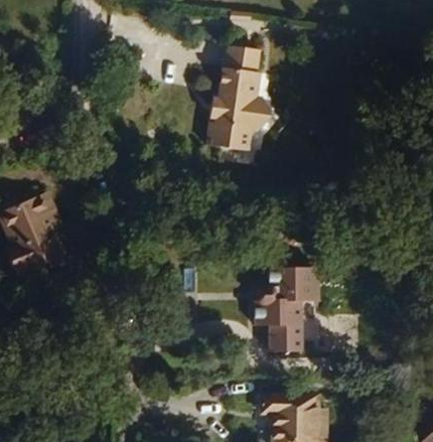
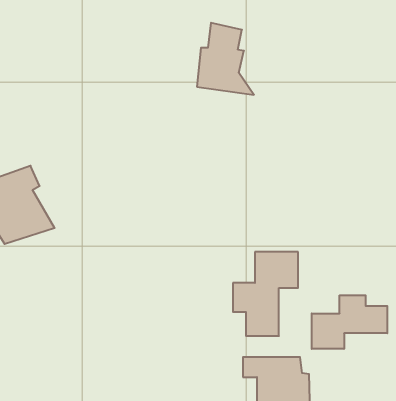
building: [205,114,272,155] -> none
building: none -> [312,295,387,349]

